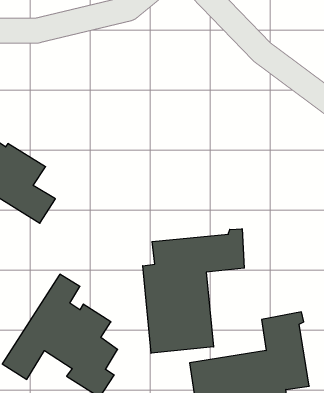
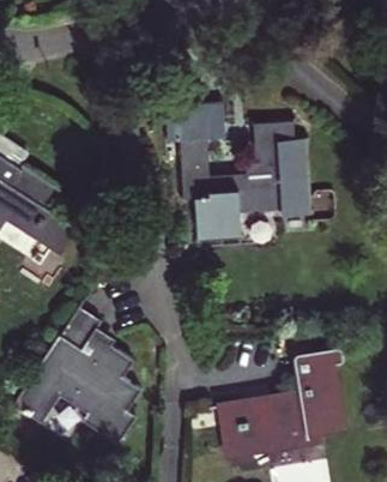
building: none -> [165,103,313,240]
building: [143,229,244,353] -> none

